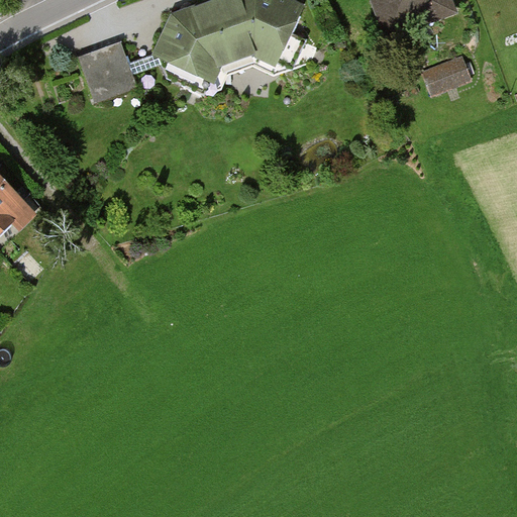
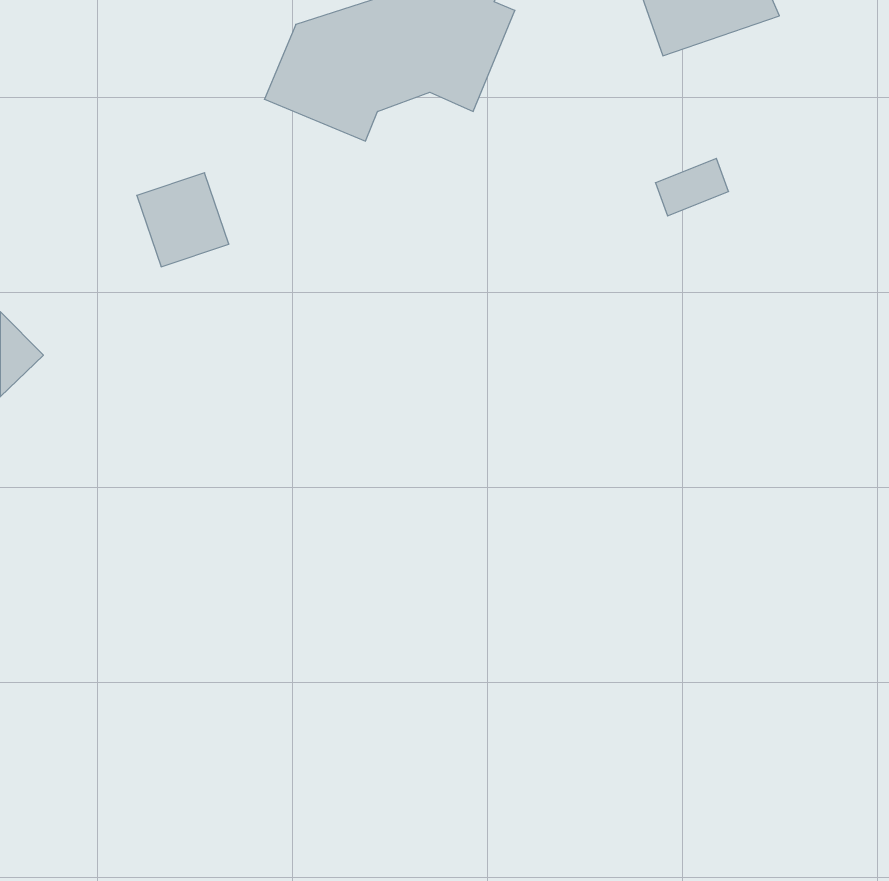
building: [82,44,135,99] -> [137,173,229,267]
building: [427,57,470,90] -> [655,158,729,216]

